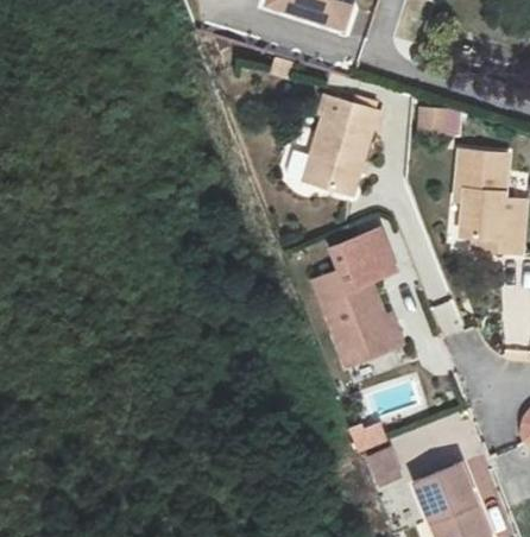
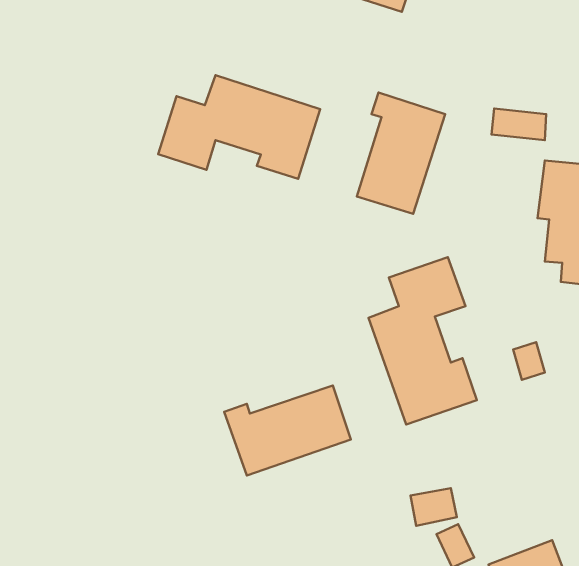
building: none -> [158,75,320,179]
building: none -> [224,385,351,476]

